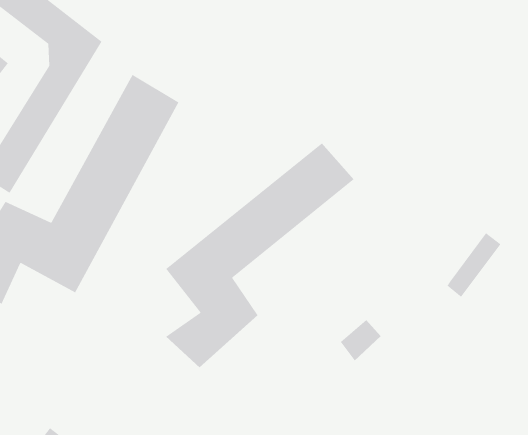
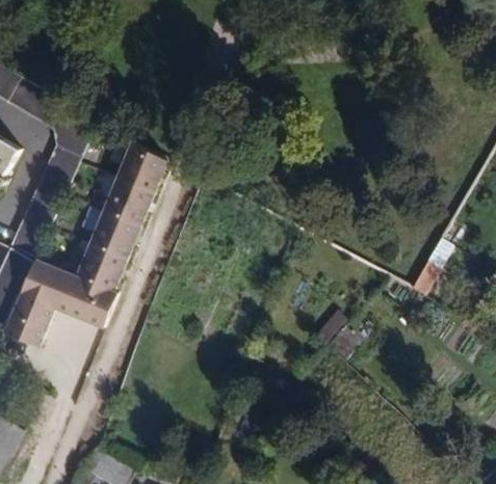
building: [165,142,354,368] -> none

